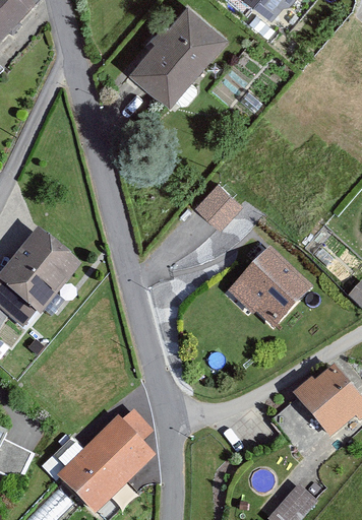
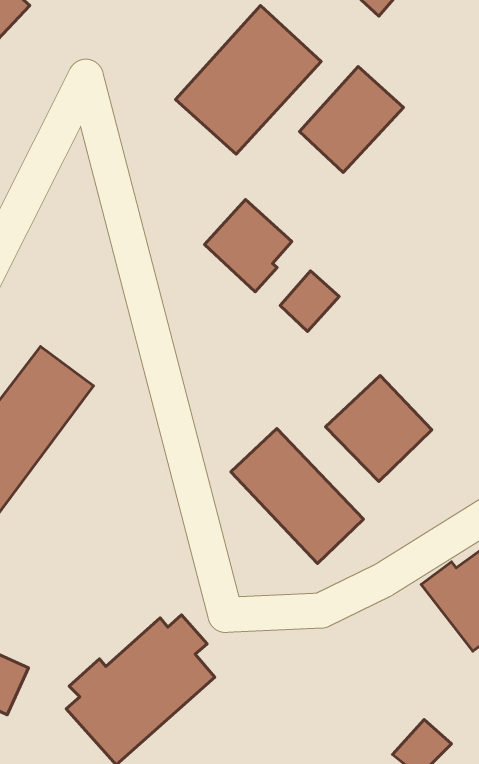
building: none -> [300,67,403,173]
building: none -> [204,200,292,292]
building: none -> [231,429,363,564]

